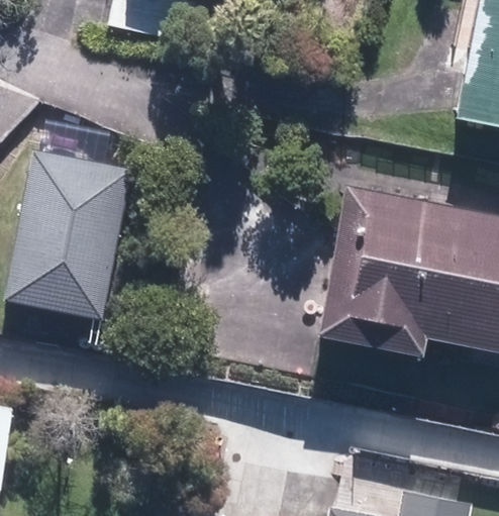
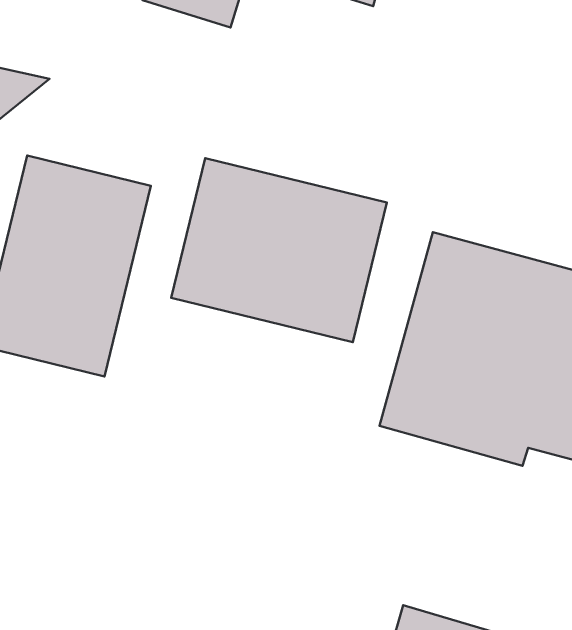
building: none -> [171,158,387,342]

